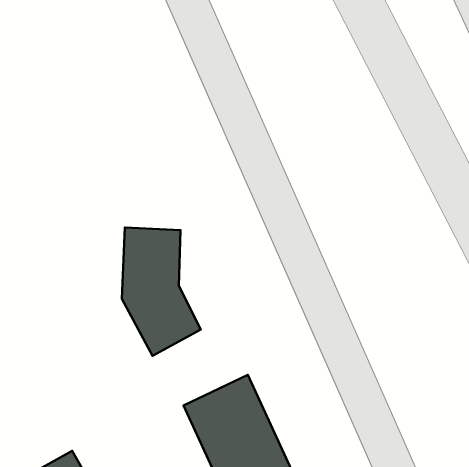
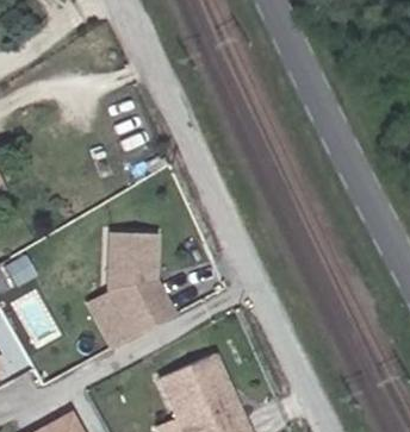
building: none -> [87,289,136,348]

